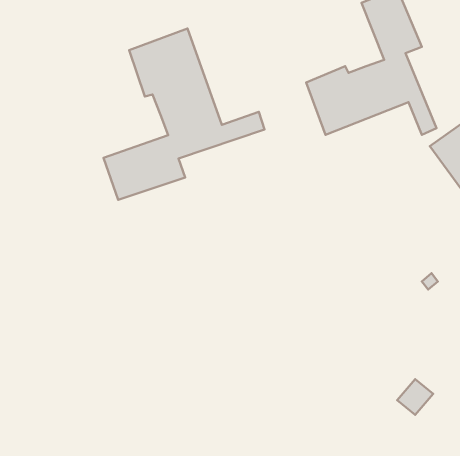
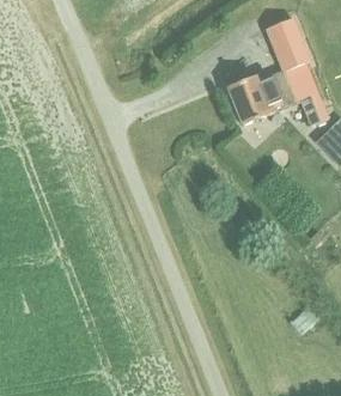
building: [104,28,264,200] -> none

